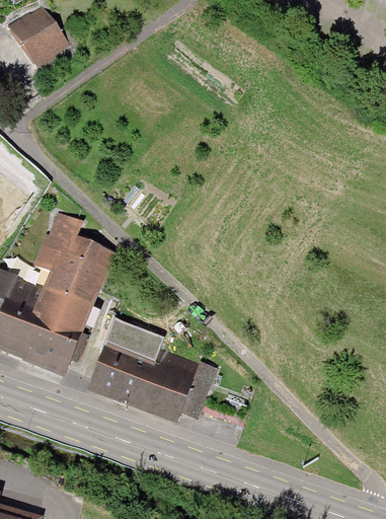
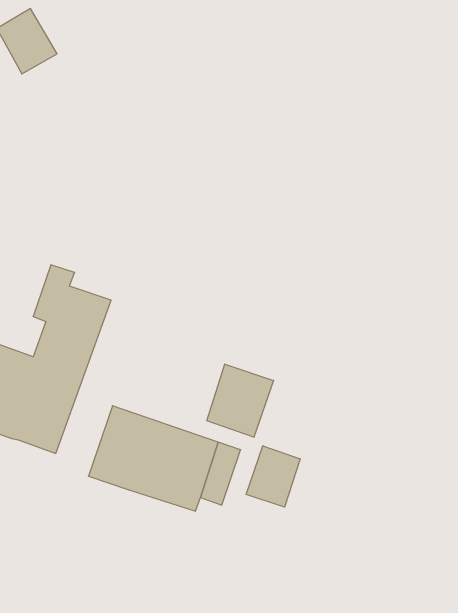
building: none -> [207,364,274,437]
building: none -> [246,446,300,507]

